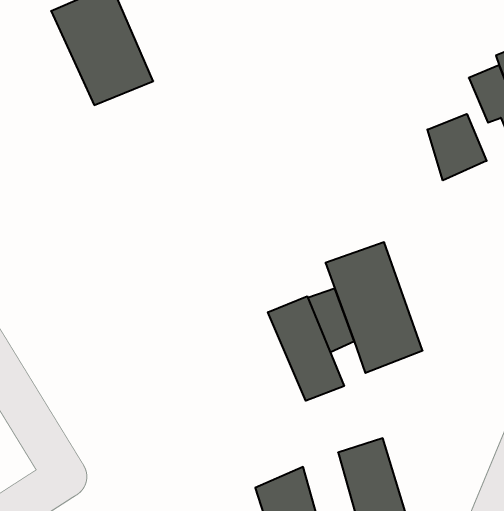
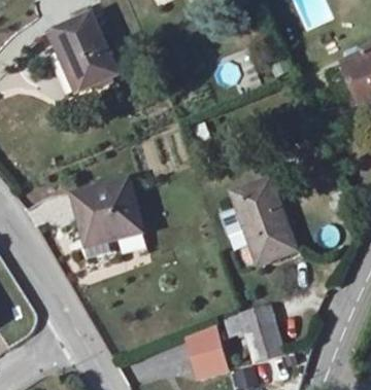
building: [427,114,487,180] -> none
building: none -> [74,180,142,245]
building: [268,296,344,401] -> none

